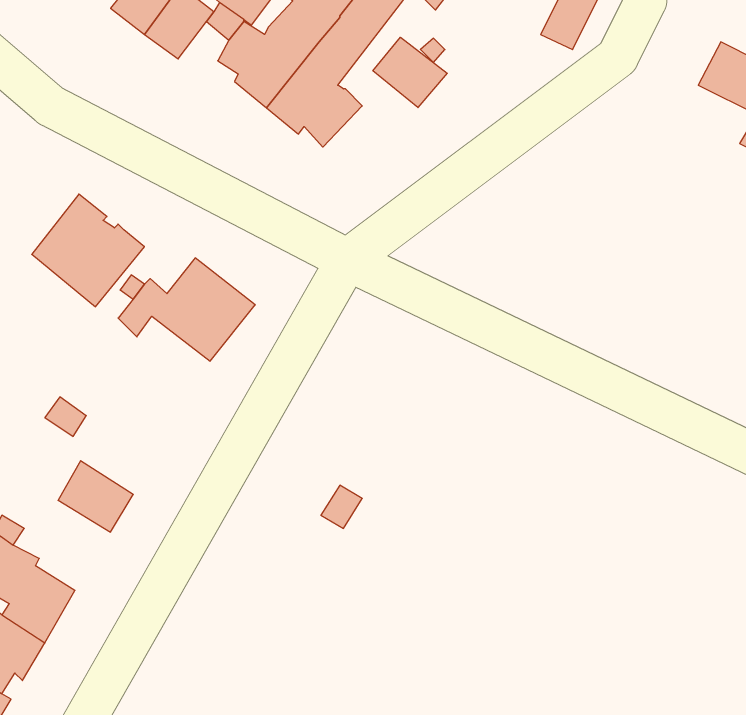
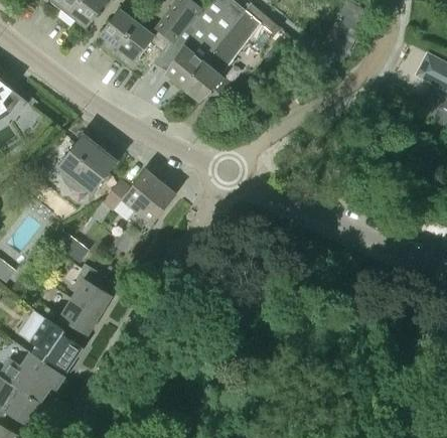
building: [373,37,447,108] -> none
building: none -> [58,298,99,335]

